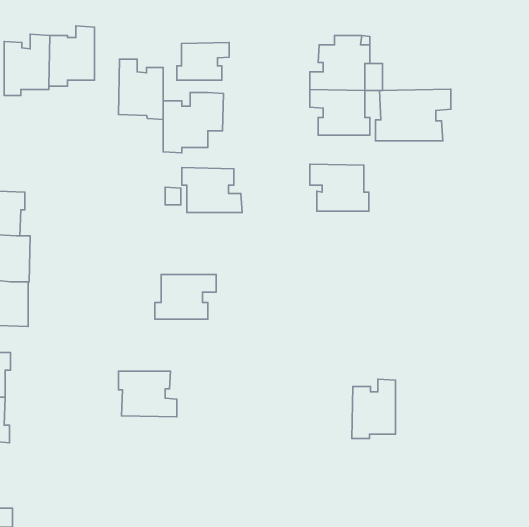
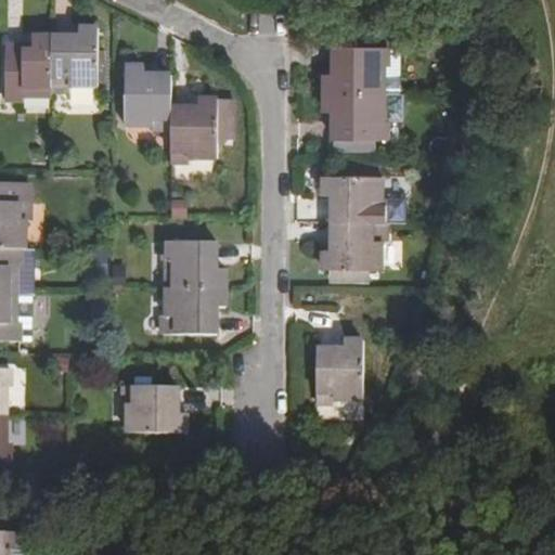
building: [177,42,229,80] -> none
building: [376,89,451,141] -> none
building: [182,168,242,212] -> [163,240,225,286]
building: none -> [322,220,385,279]
building: [352,379,395,438] -> [315,339,361,401]

